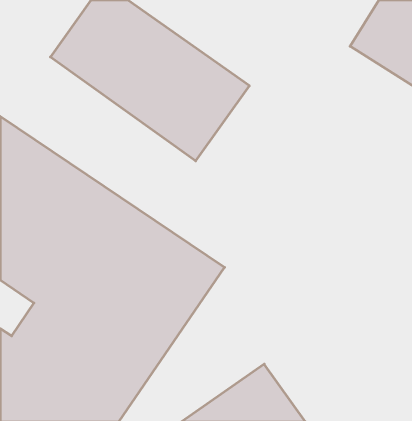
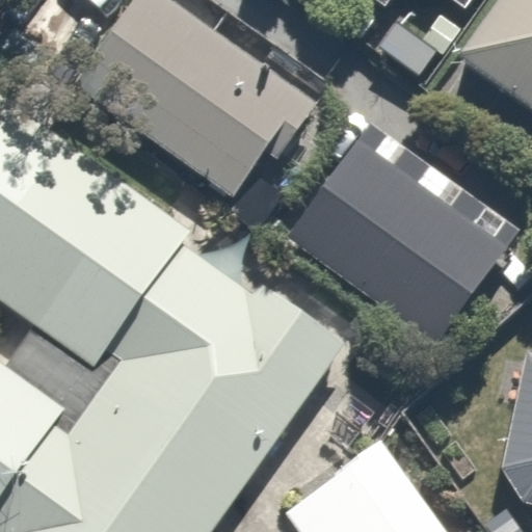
building: none -> [293,139,510,341]

